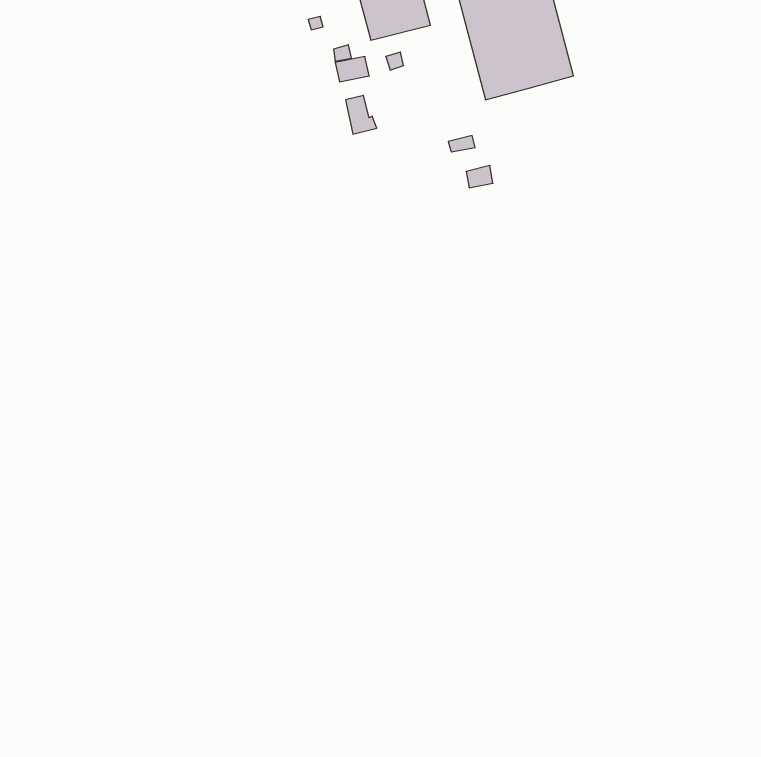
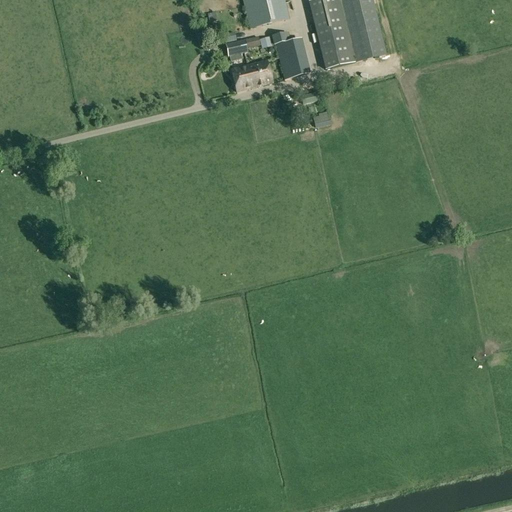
building: none -> [273,31,308,78]
building: none -> [244,59,271,86]

